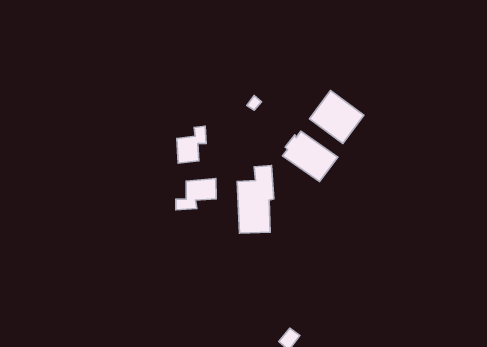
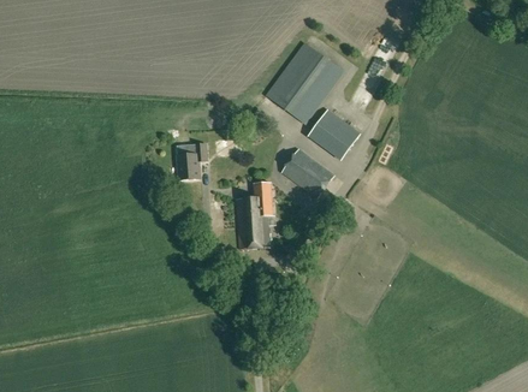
building: none -> [266,41,344,124]
building: [176,178,216,210] -> none

